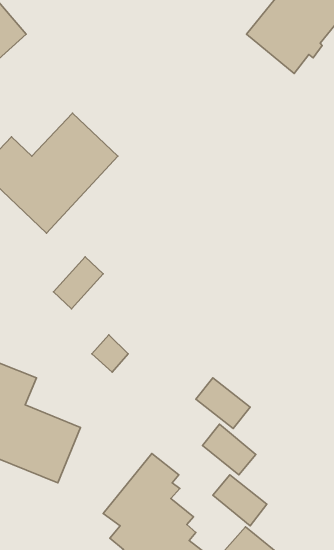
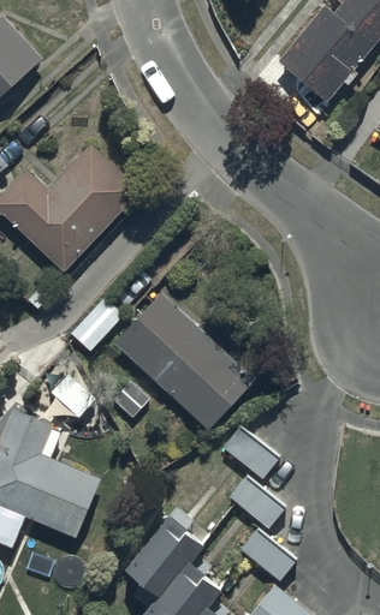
building: none -> [113,292,254,430]

